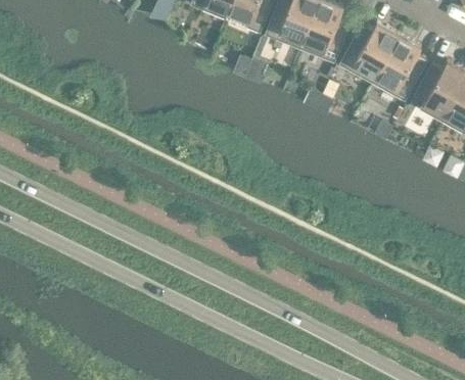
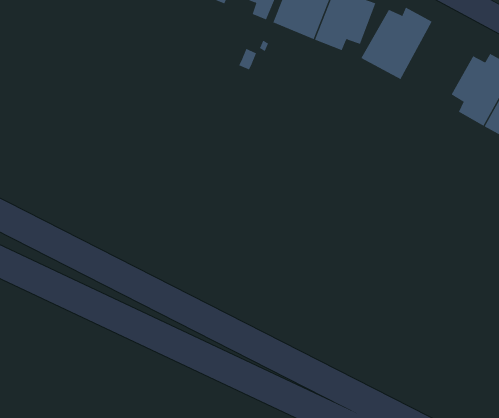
building: [372,35,427,102] -> none

